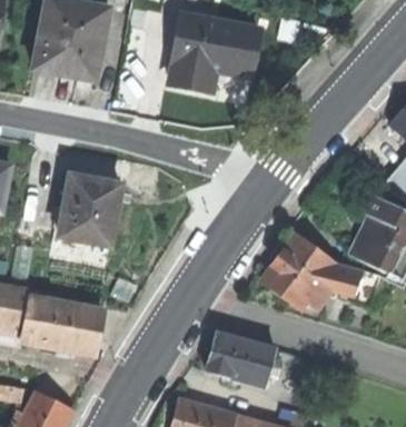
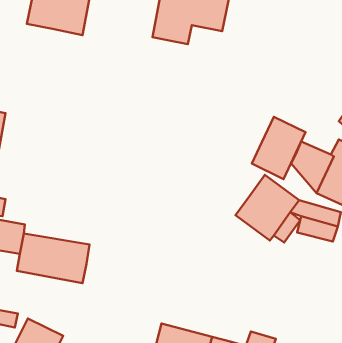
building: none -> [252,117,306,179]
building: [60,178,121,246] -> none
building: [207,334,273,385] -> none

